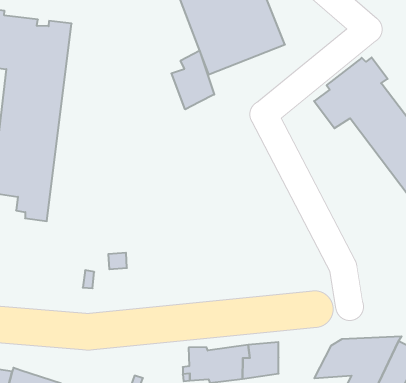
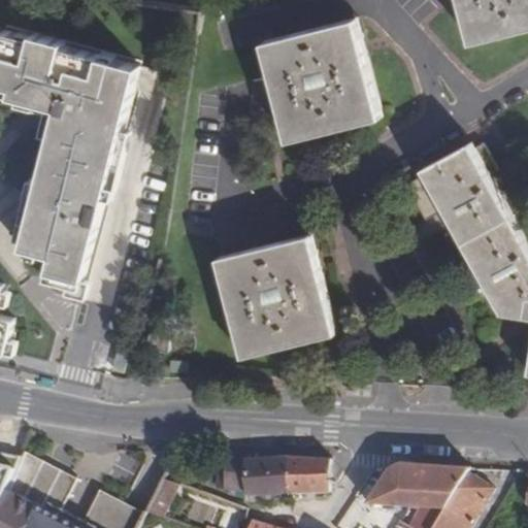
building: [171,50,214,109] -> none
building: none -> [214,235,332,358]

